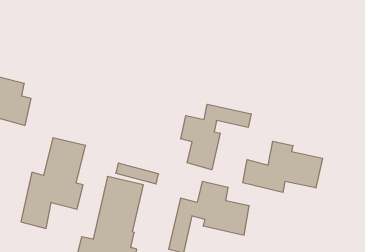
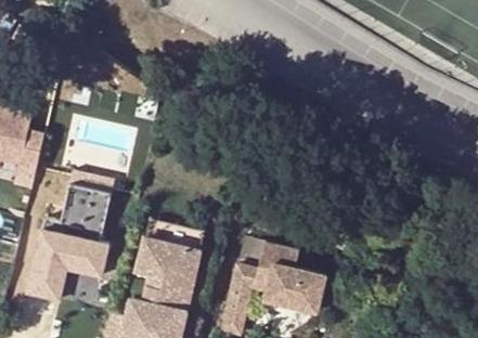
building: [181,104,251,170] -> none
building: [243,141,323,192] -> none

